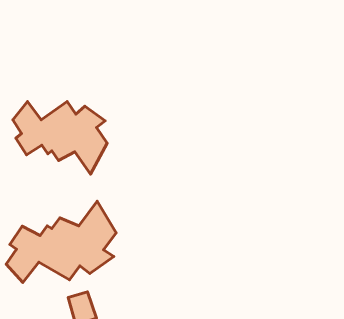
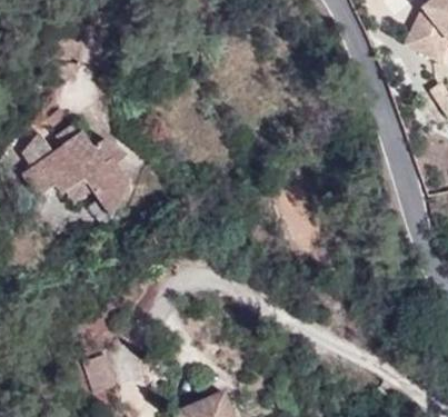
building: [6,201,116,283] -> none

